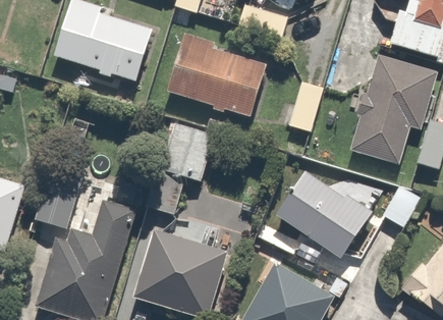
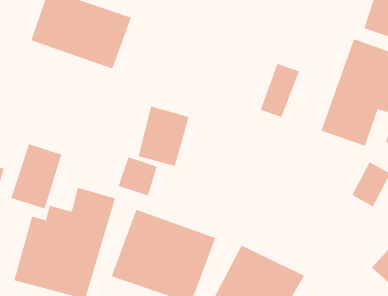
building: [162,38,267,120] -> none
building: [276,169,373,264] -> none

